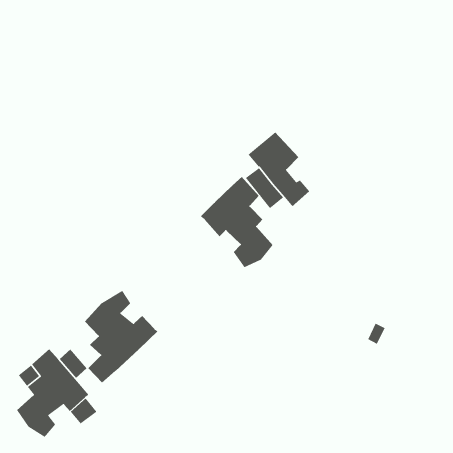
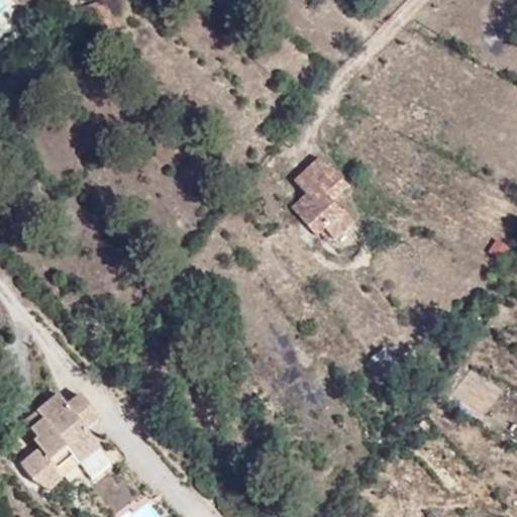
building: [200,176,274,268] -> none
building: [84,290,158,384] -> none

